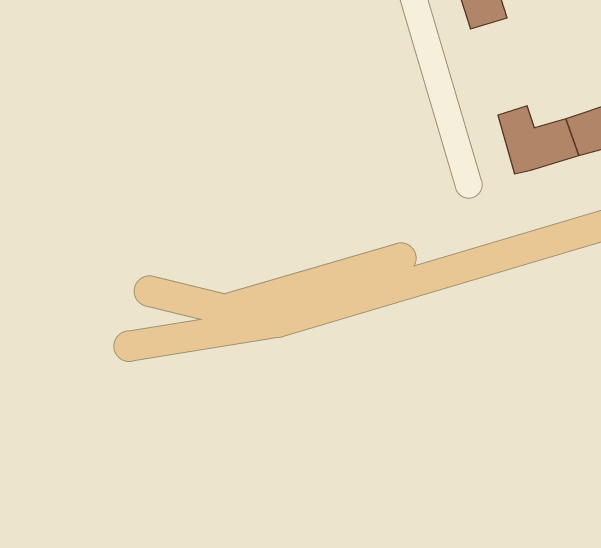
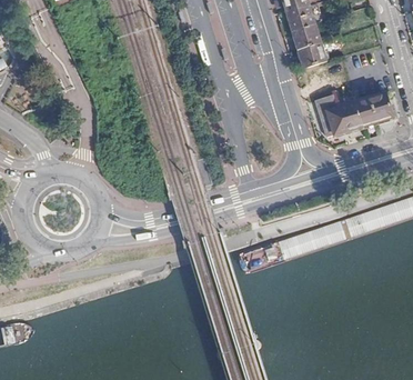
building: none -> [298,40,326,66]

